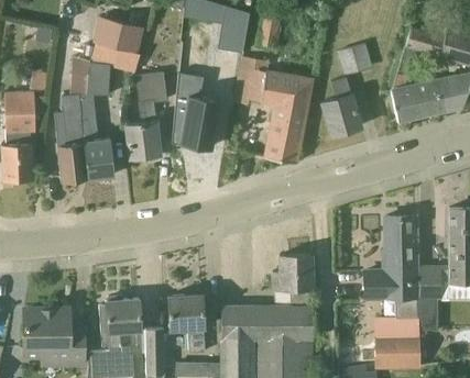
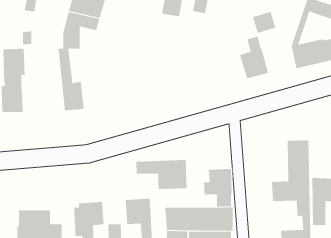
building: [248,59,311,164] -> none
building: [58,73,87,181] -> none
building: [125,73,166,158] -> none
building: [172,73,218,148] -> none
building: none -> [136,159,187,190]

